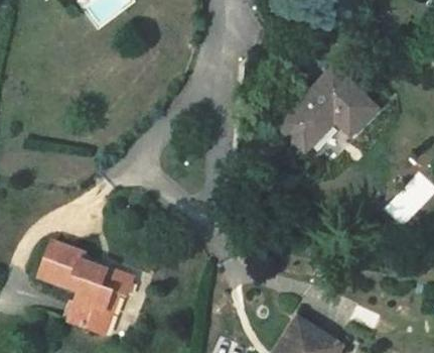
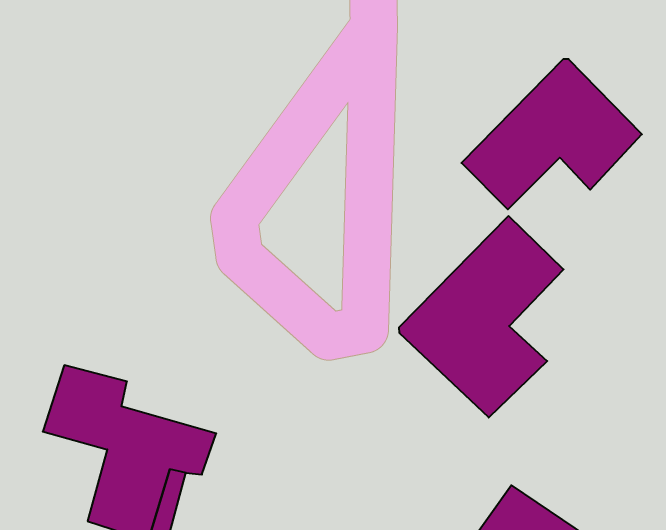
building: none -> [399,216,564,418]

